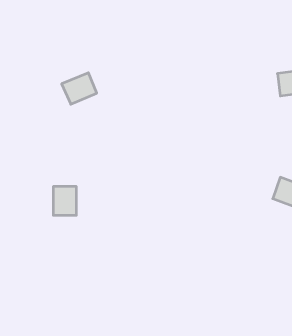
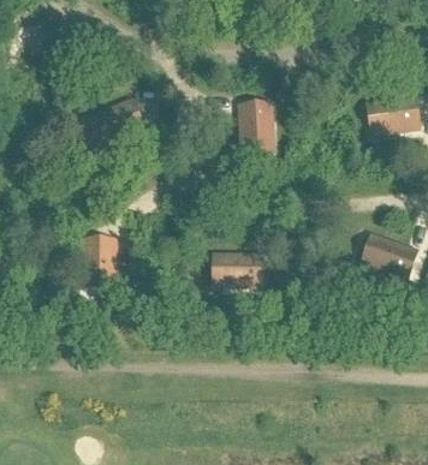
building: none -> [240,102,272,142]
building: none -> [224,252,261,282]

